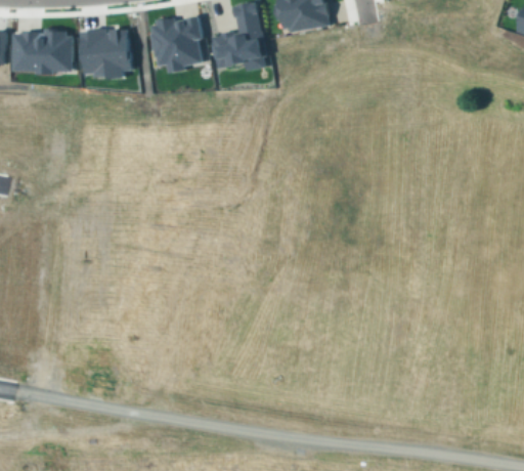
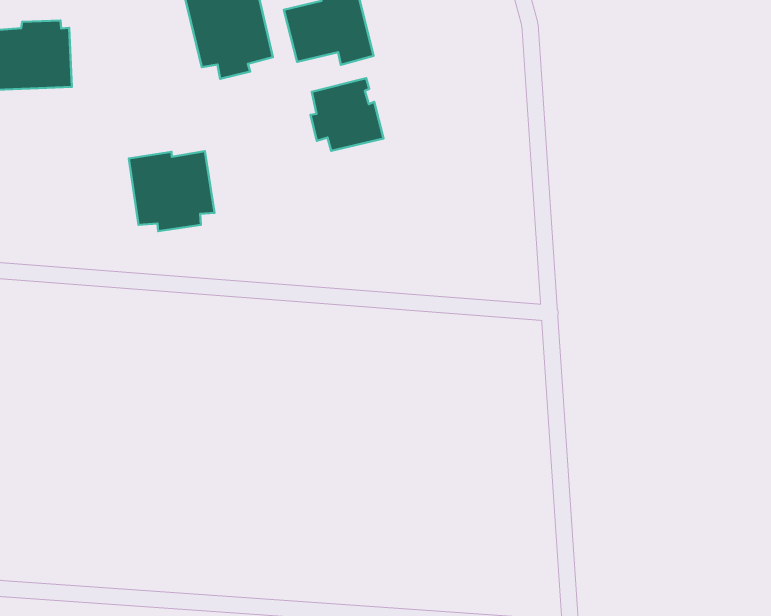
building: [80,29,132,79] -> [129,151,214,231]
building: none -> [311,78,383,151]

